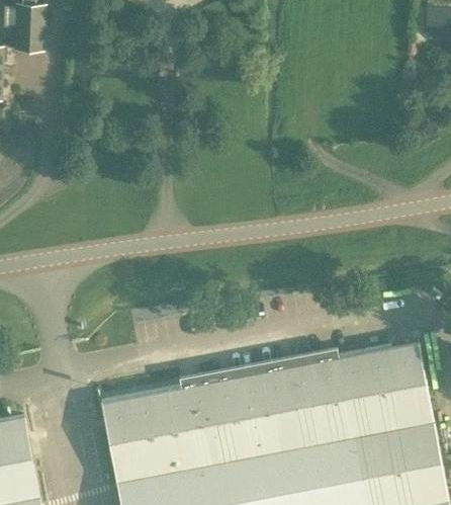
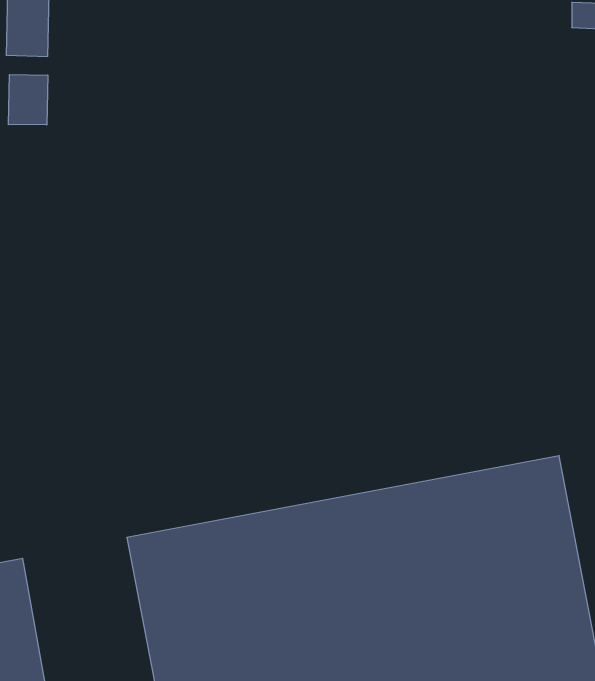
building: none -> [8,75,48,125]

